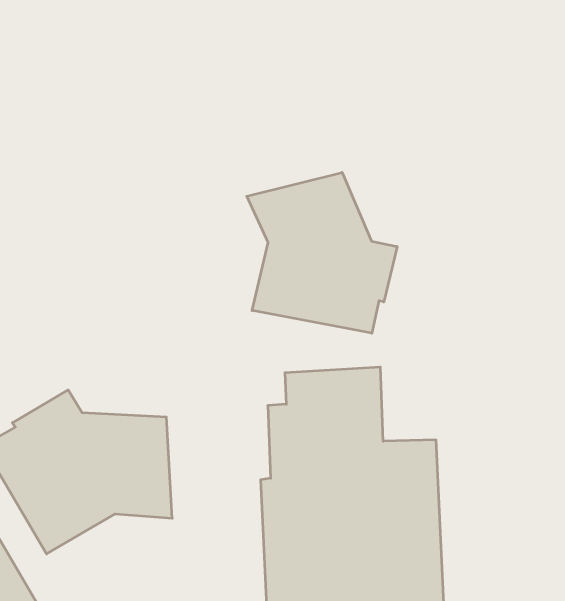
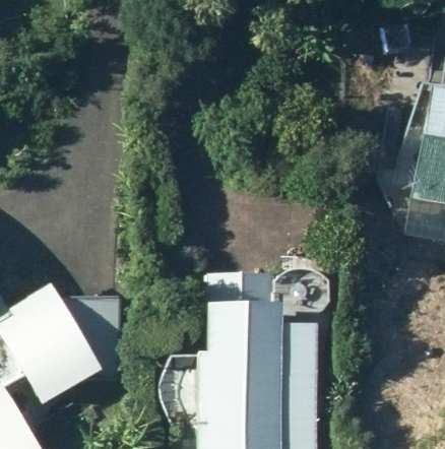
building: [247,172,397,333] -> none

